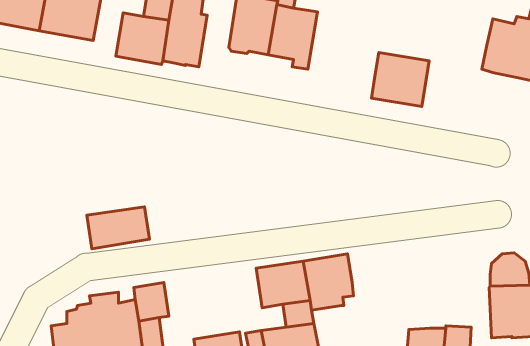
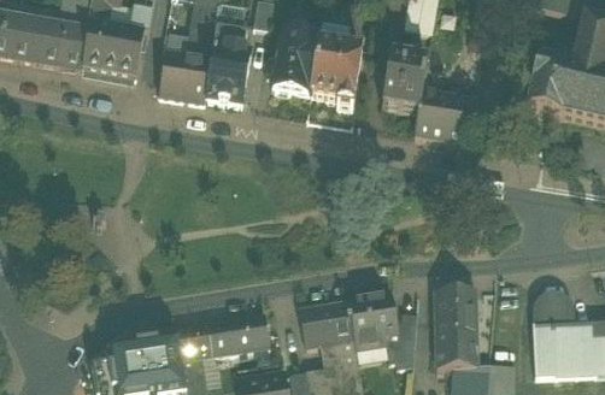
building: none -> [381,52,427,112]
building: [87,207,149,249] -> [206,313,269,355]
building: none -> [434,290,476,369]
building: none -> [384,313,416,364]

